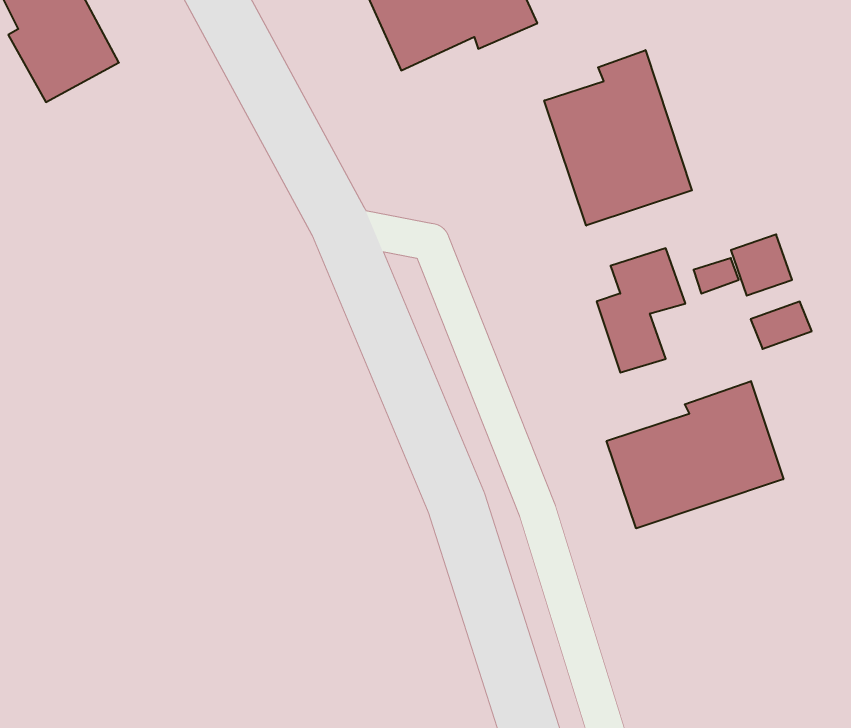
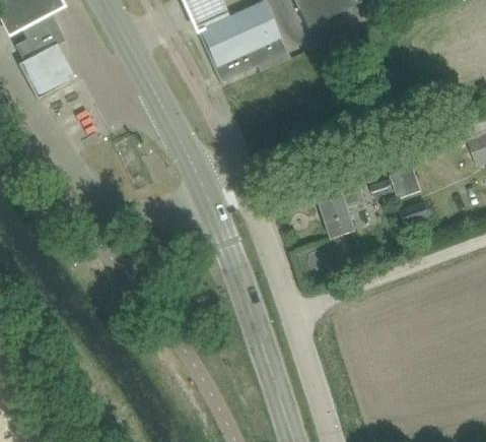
building: [544,50,692,226] -> none
building: [607,381,783,528] -> none

